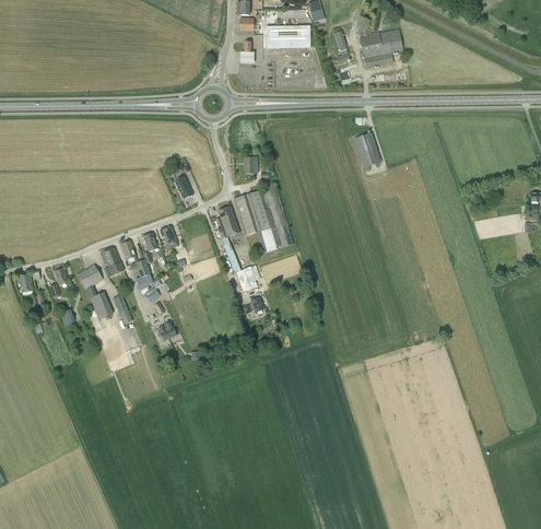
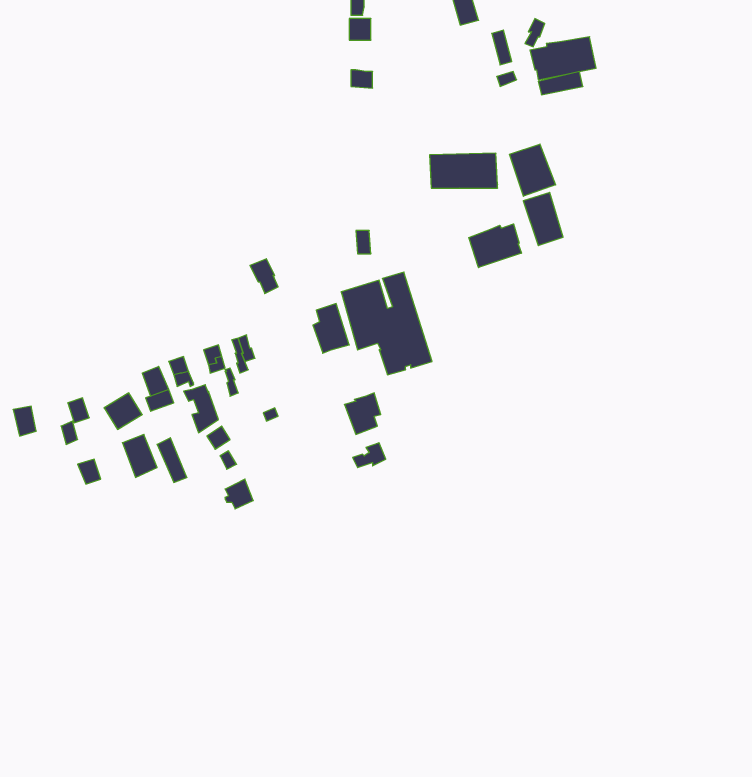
building: [266,25,310,48] -> [430,153,498,188]
building: none -> [509,144,556,196]
building: none -> [469,224,521,268]

